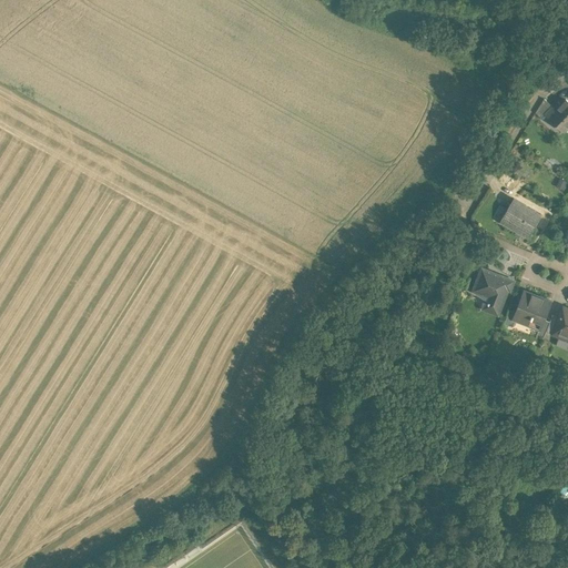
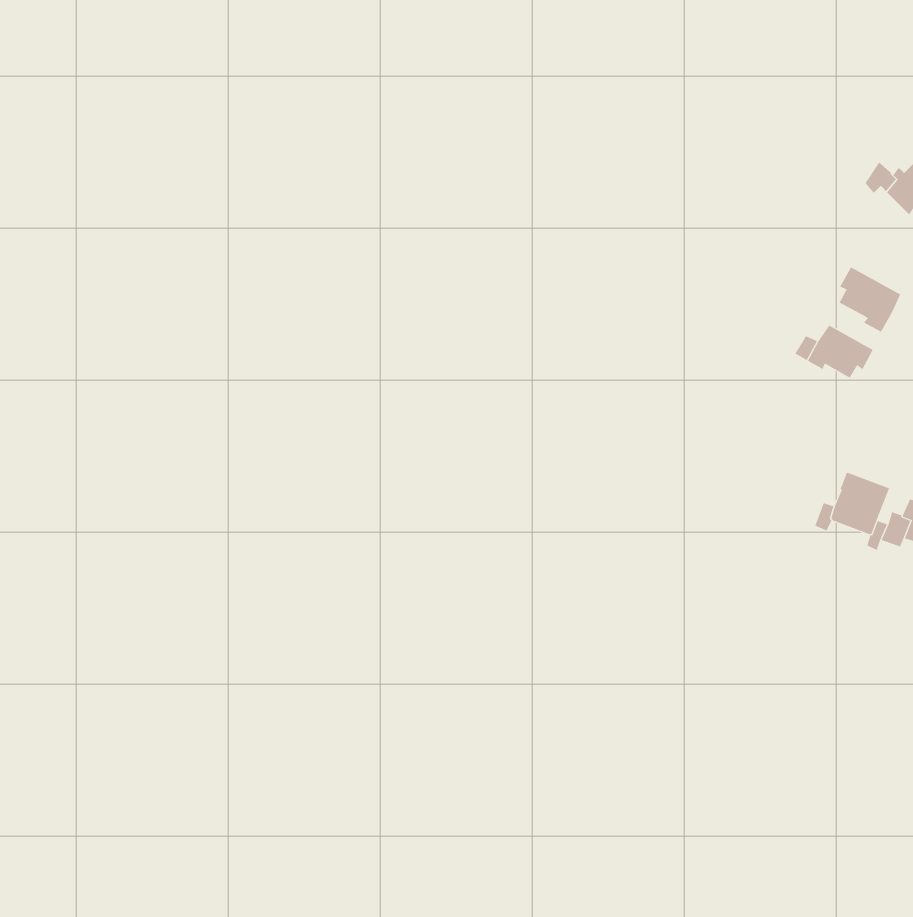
building: none -> [839,267,901,333]
building: [475,268,515,315] -> none

